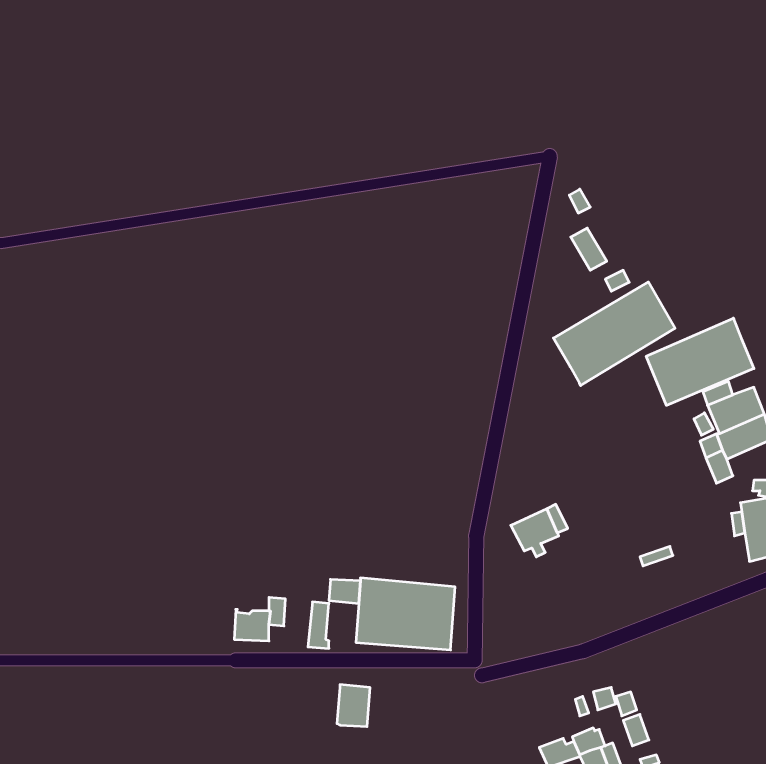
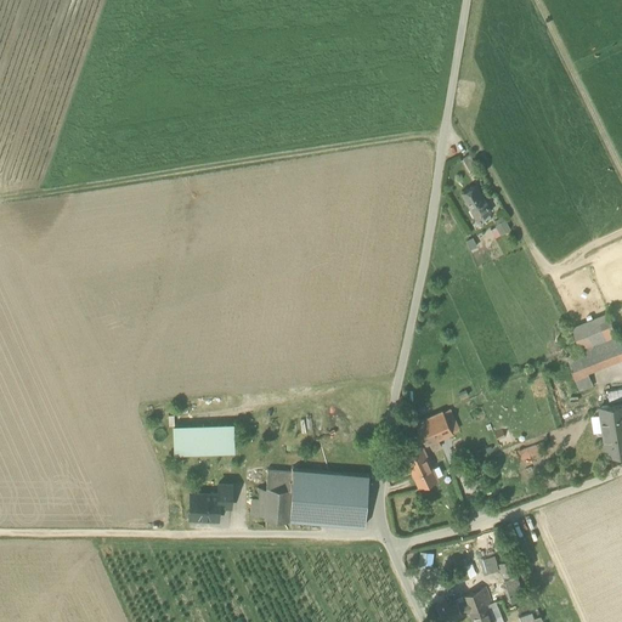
building: [553,282,675,386] -> none
building: [646,318,754,405] -> none
building: none -> [175,426,234,454]
building: none -> [405,448,439,491]
building: [337,685,370,727] -> [265,488,292,522]

